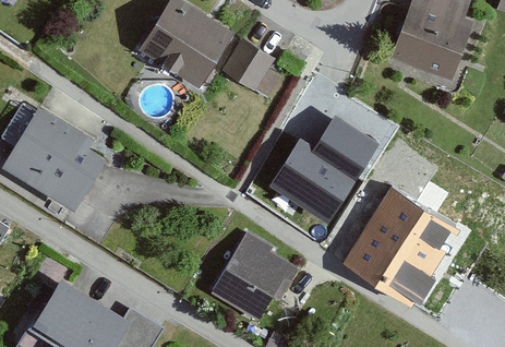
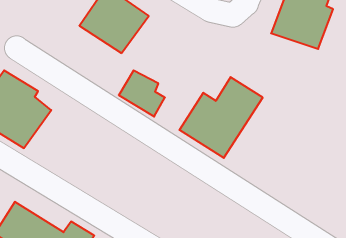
building: [221,38,282,99] -> [119,70,165,117]
building: [344,186,460,302] -> none
building: [207,235,298,321] -> none

